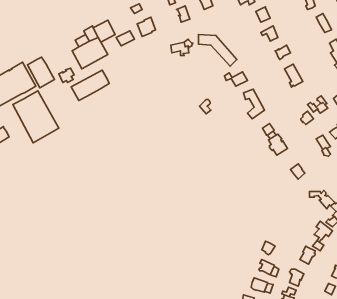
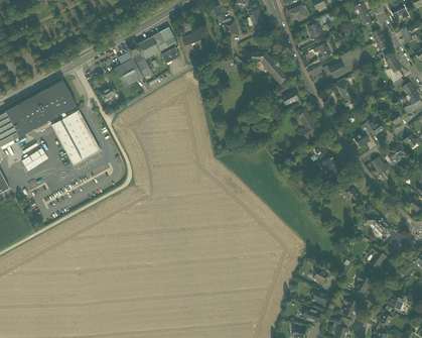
building: none -> [152,26,178,53]
building: [27,57,54,88] -> none
building: [71,70,109,100] -> none

